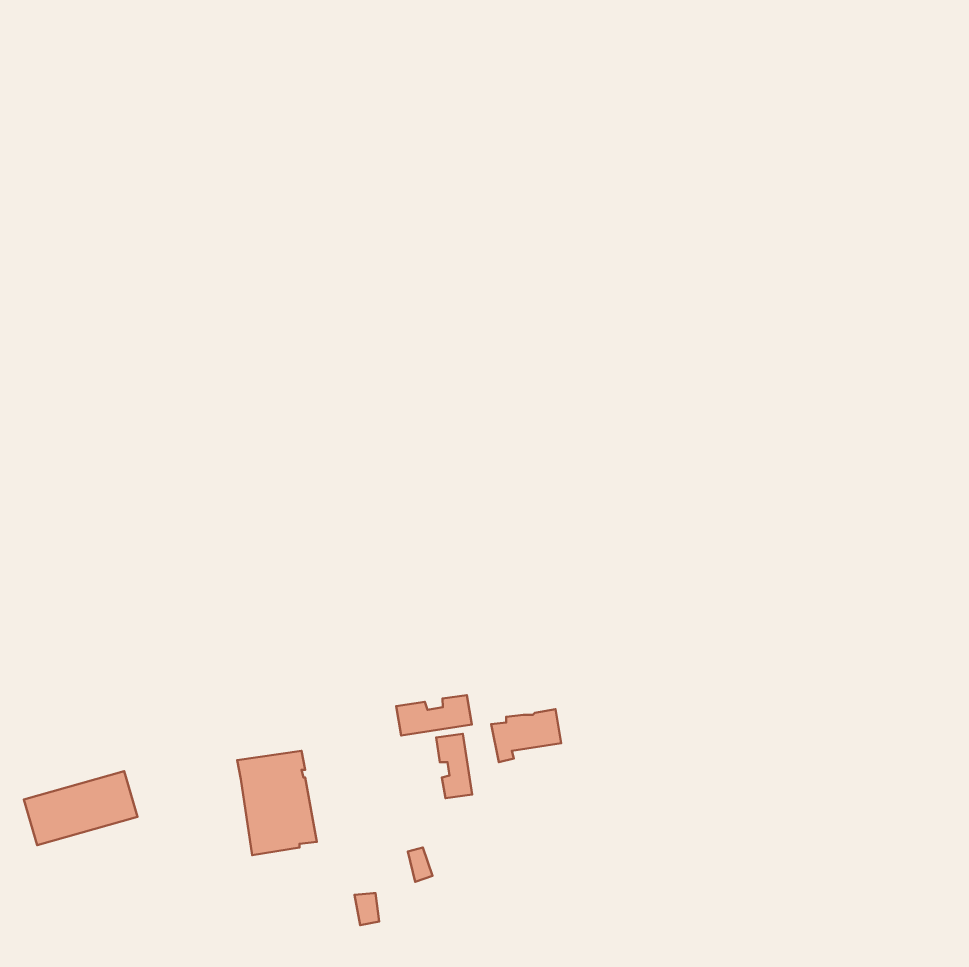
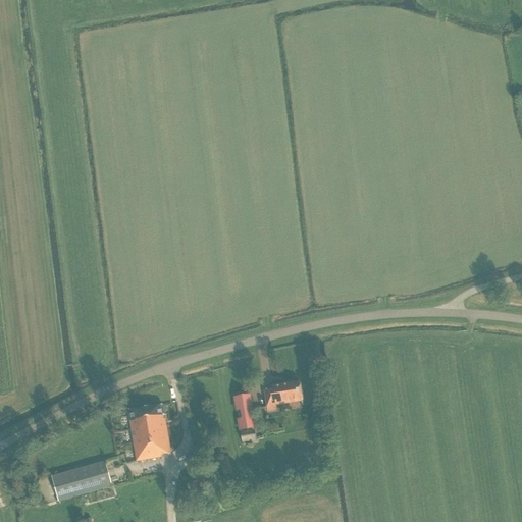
building: [396,695,472,736] -> none
building: [24,771,138,845] -> [51,461,112,501]

